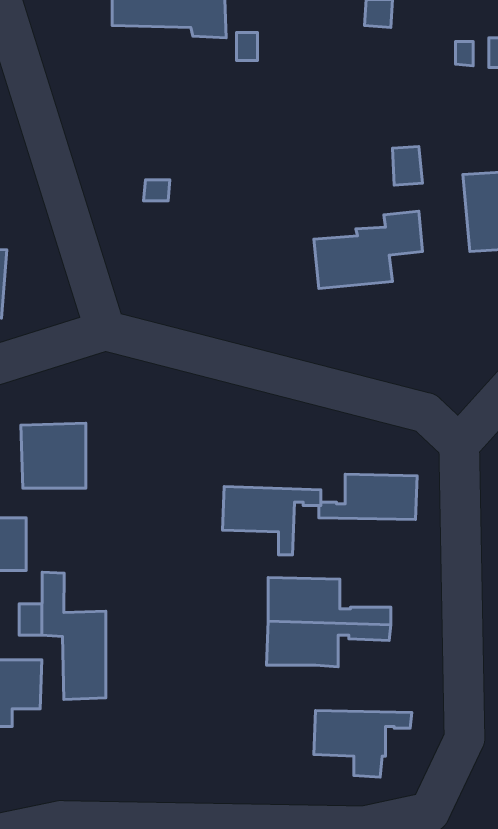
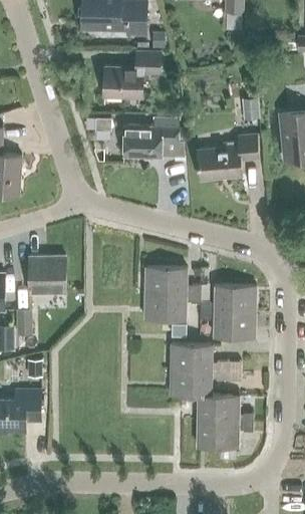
building: none -> [104,51,161,96]
building: none -> [123,119,180,157]
building: none -> [145,267,201,294]
building: none -> [200,310,255,336]
building: [42,572,106,699] -> none
building: none -> [198,395,253,422]

